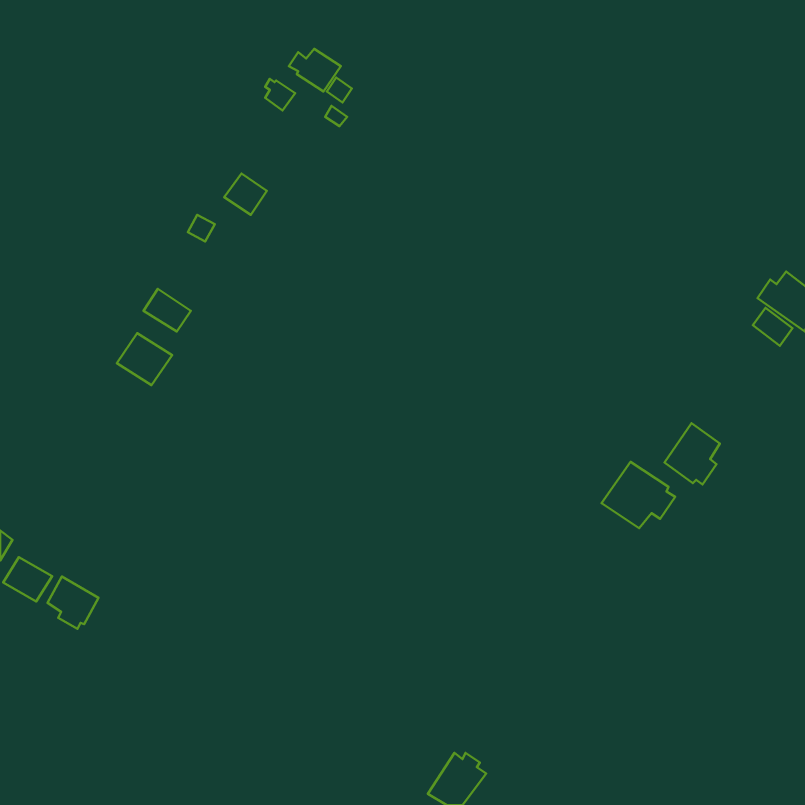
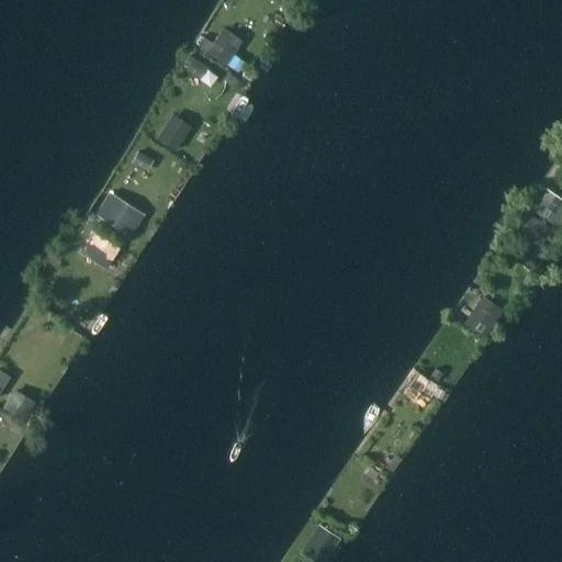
building: [601,462,675,528] -> none
building: [47,576,99,629] -> none

